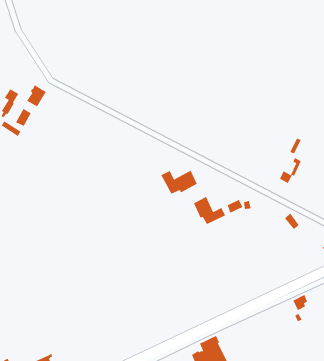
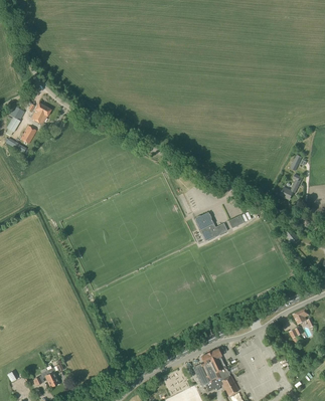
building: [161,170,197,195] -> none

